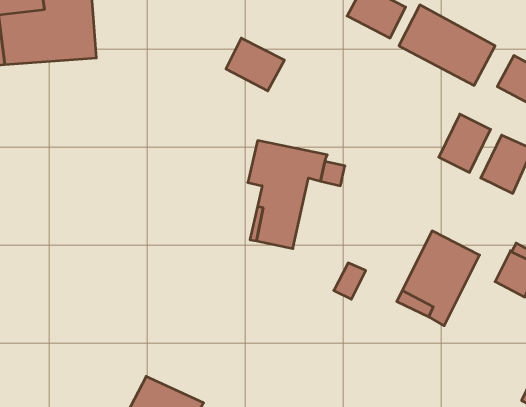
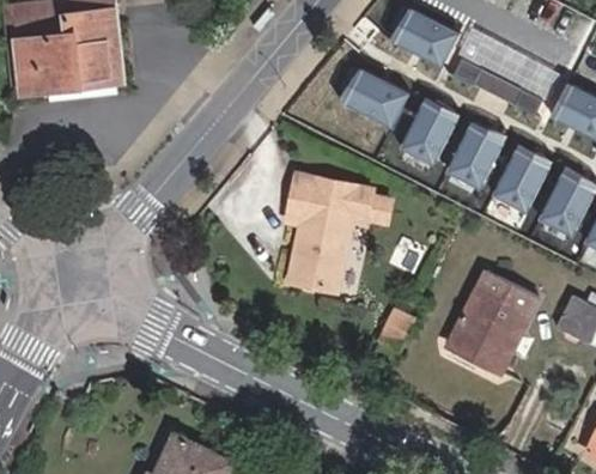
building: [226,38,284,91] -> [343,68,407,126]
building: none -> [400,101,457,164]
building: none -> [448,126,505,189]

